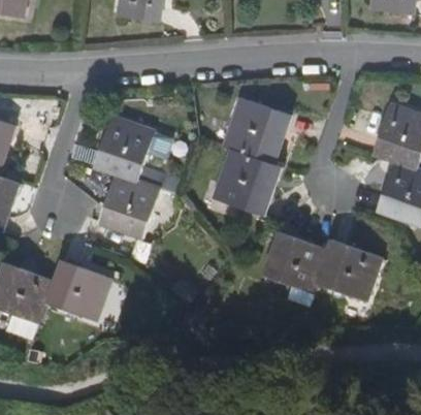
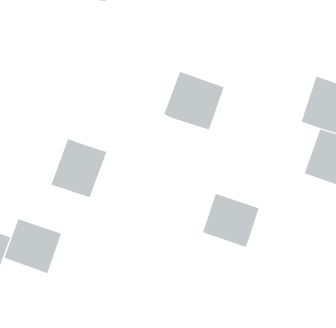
building: [94,117,155,181] -> none
building: [213,151,281,215] -> none
building: [316,240,381,302] -> none

